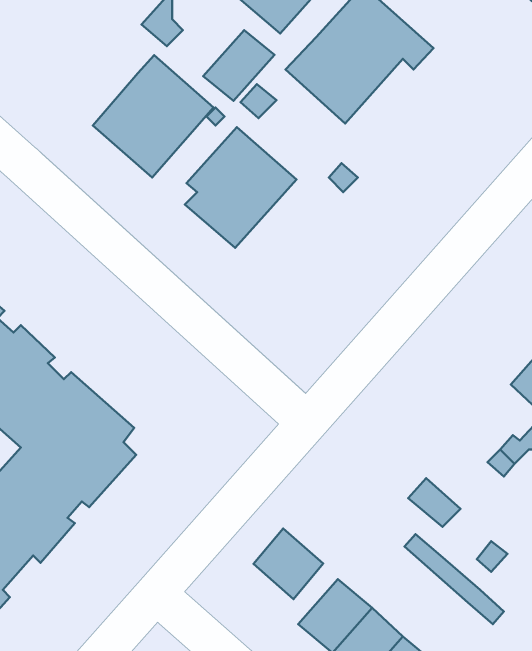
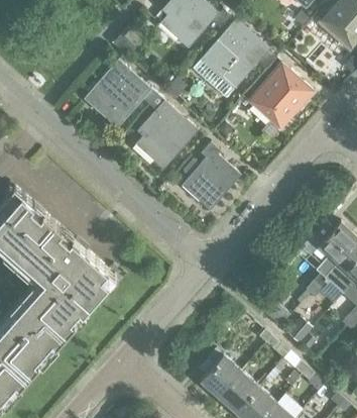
building: [203,30,274,101] -> none
building: none -> [246,62,315,130]
building: none -> [181,141,240,210]
building: [253,528,323,599] -> none

